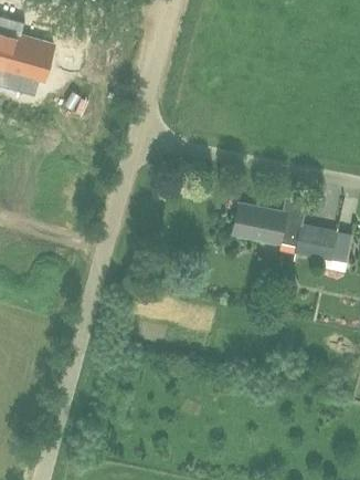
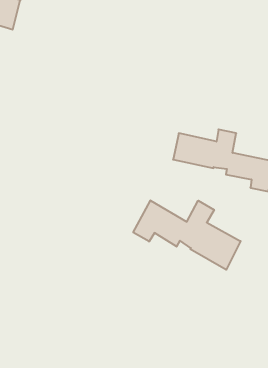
building: none -> [133,200,241,270]

